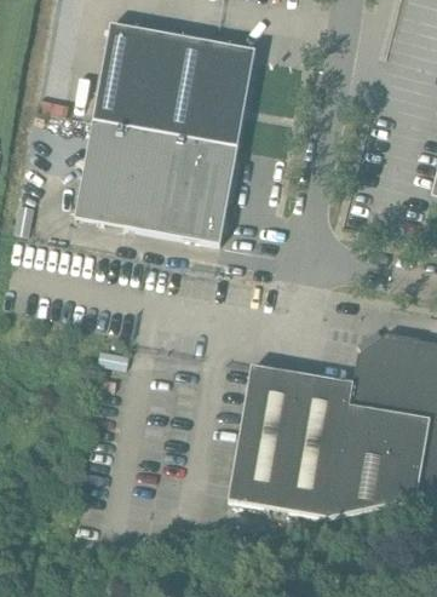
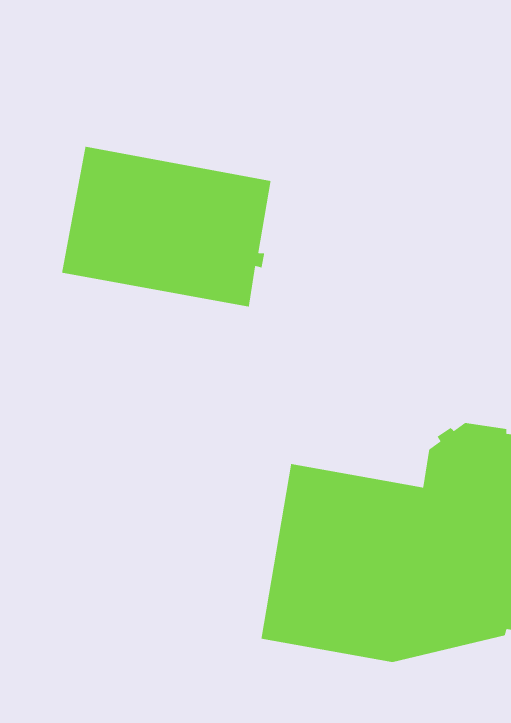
building: [93,22,255,145] -> none

